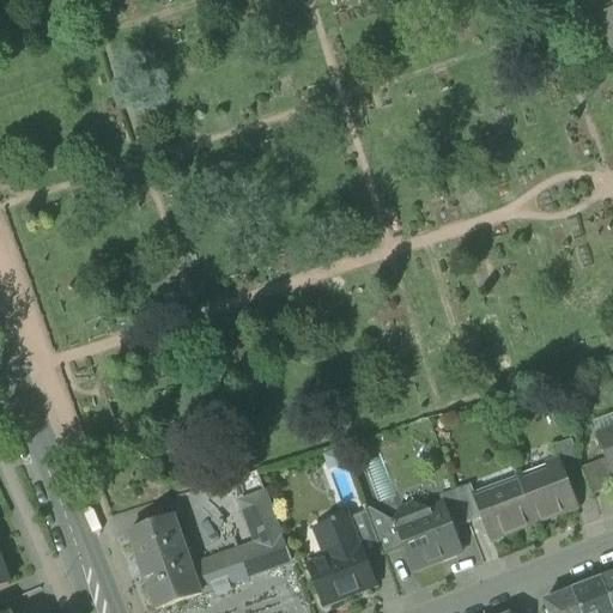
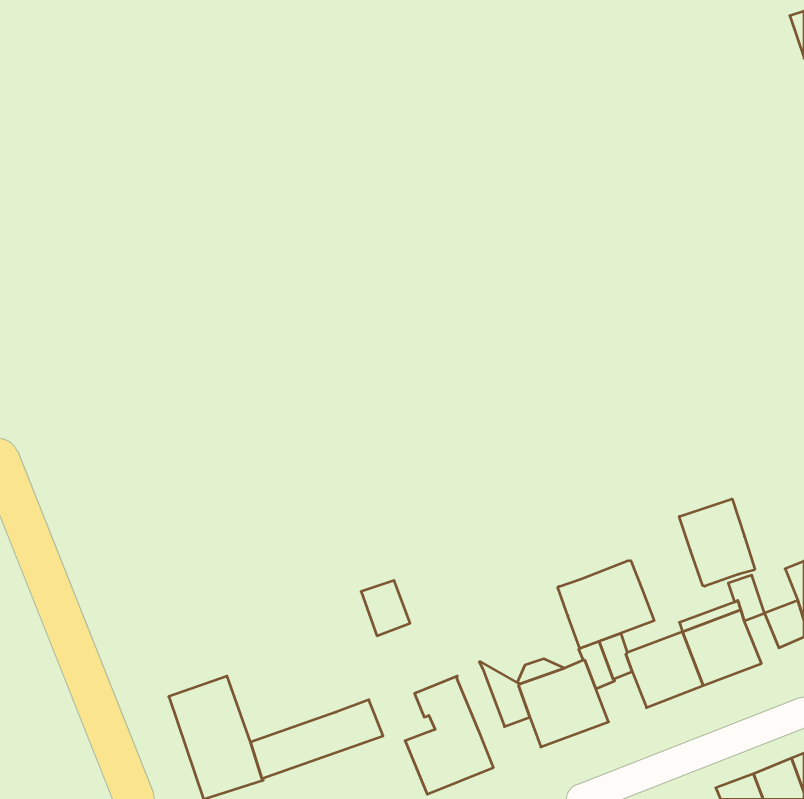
building: none -> [679,499,755,586]
building: none -> [558,561,654,649]
building: [243,499,280,541] -> [361,581,410,636]
building: [347,508,383,559] -> none

